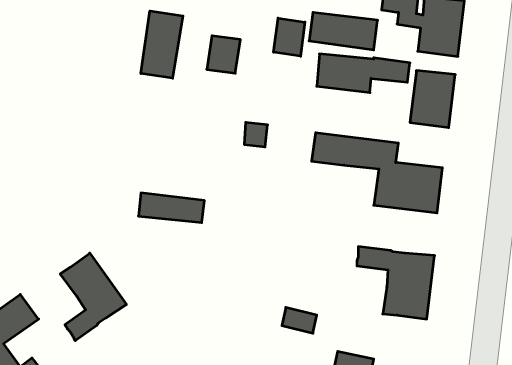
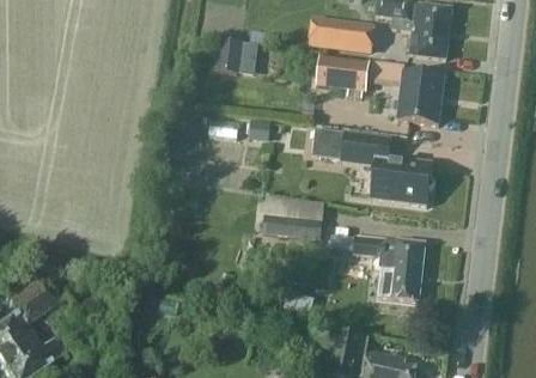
building: [141,11,183,78] -> none
building: [274,18,305,56] -> none
building: [138,193,204,223] -> [262,211,323,238]
building: [60,253,126,341] -> none

